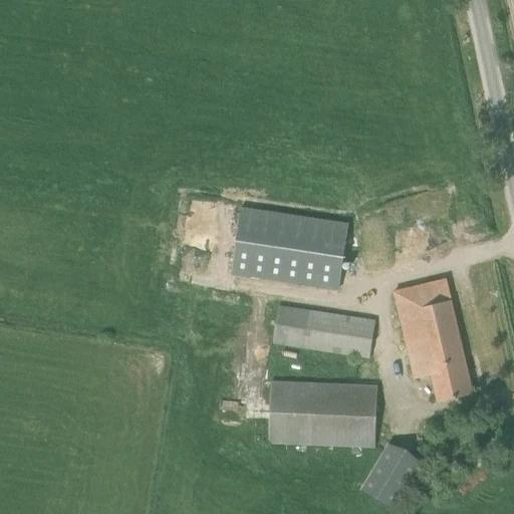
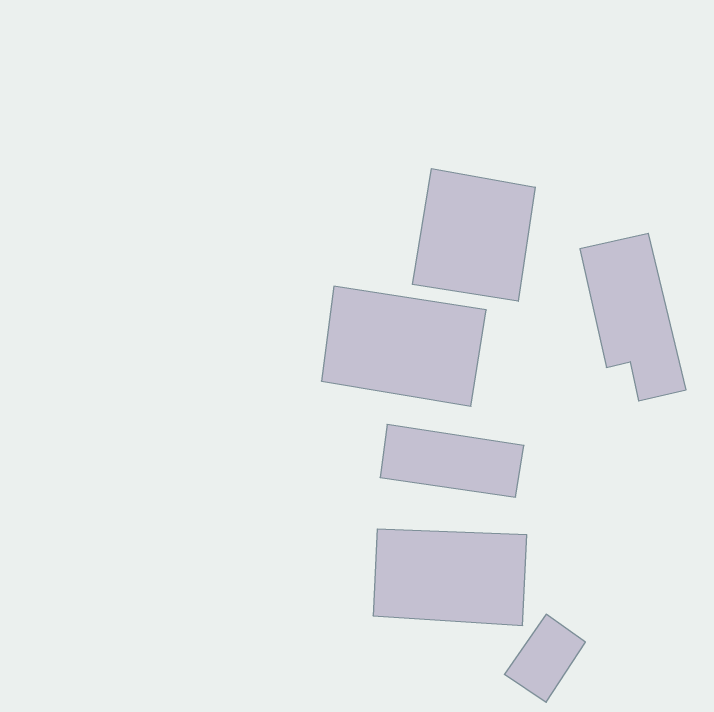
building: none -> [412,169,535,301]
building: [396,280,472,401] -> [580,233,686,401]

